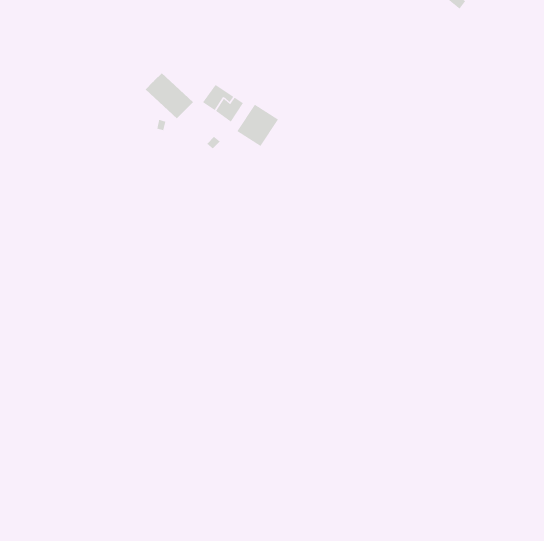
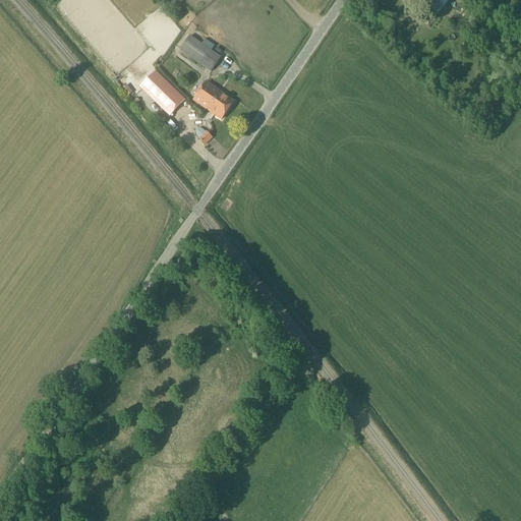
building: none -> [178,34,221,70]
building: [236,104,279,147] -> none

